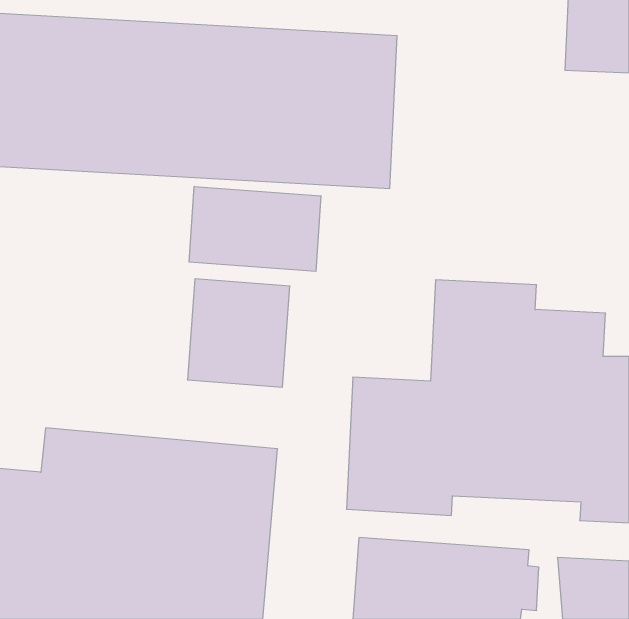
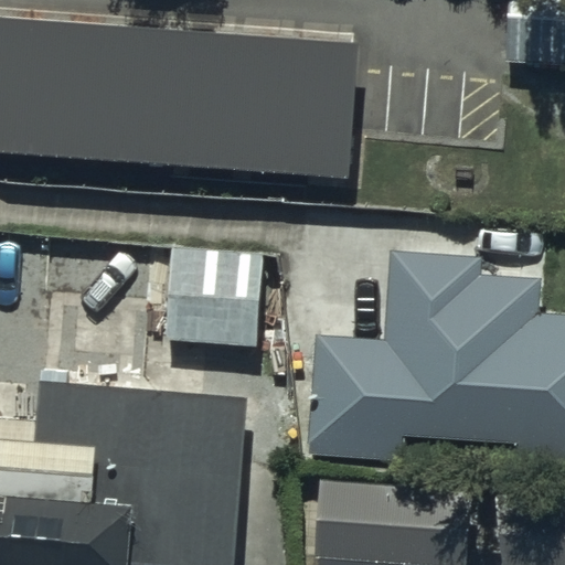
building: [189,186,321,271] -> none

